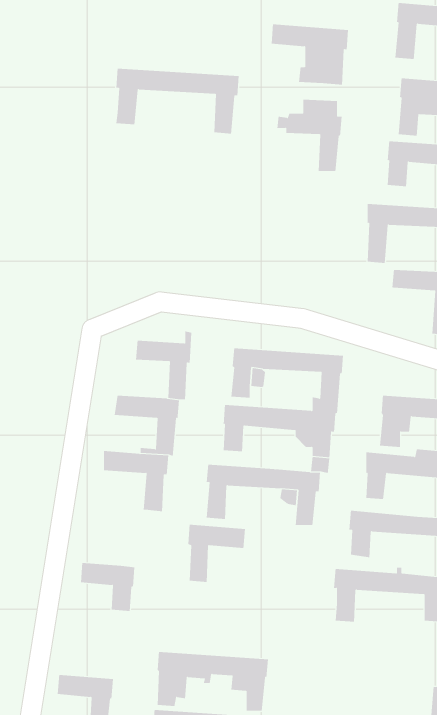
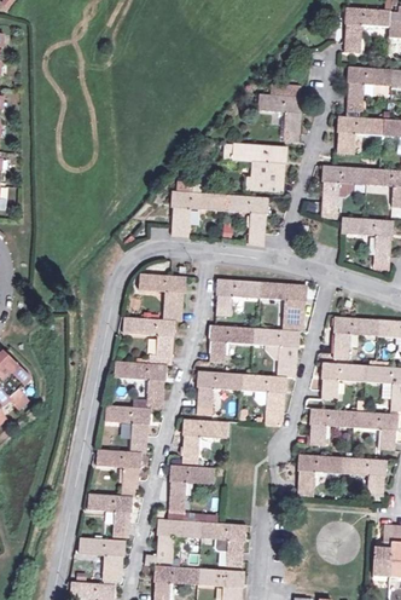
building: [271,24,349,85] -> [225,143,286,191]
building: [115,68,240,134] -> [172,191,269,243]
building: none -> [105,405,150,452]
building: none -> [169,466,214,517]
building: none -> [88,494,132,536]

